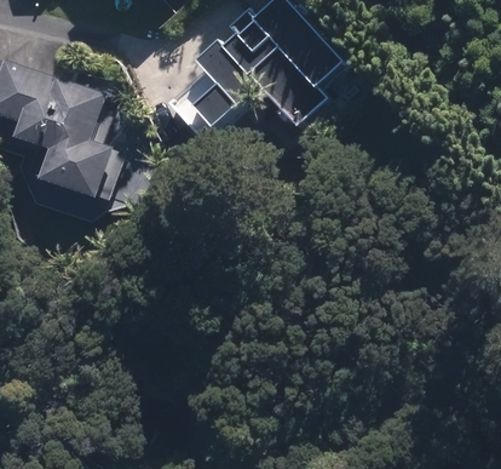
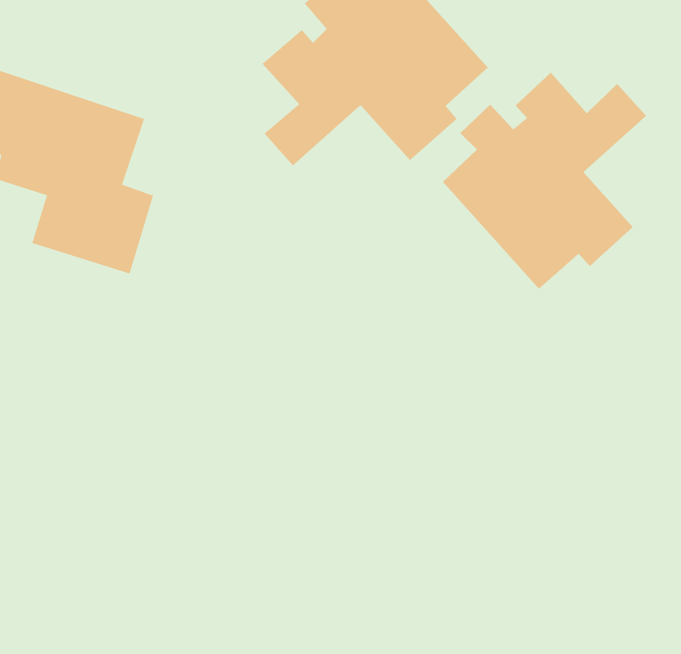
building: none -> [442,72,647,290]

